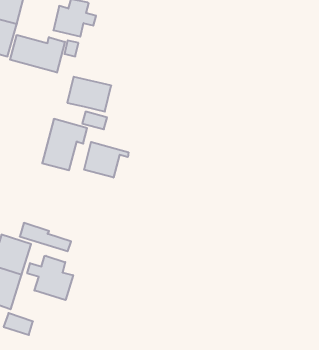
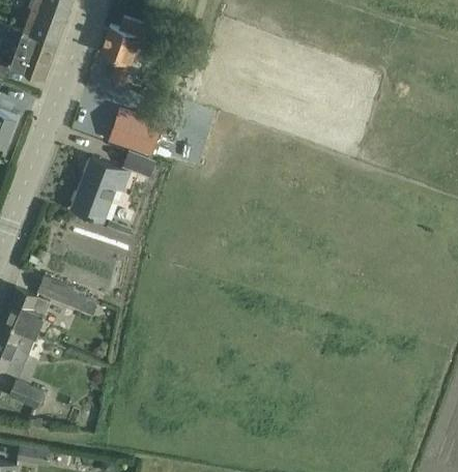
building: [10,35,65,73] -> none
building: [84,142,128,178] -> none
building: [27,256,73,300] -> none

